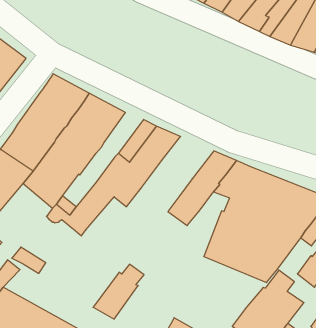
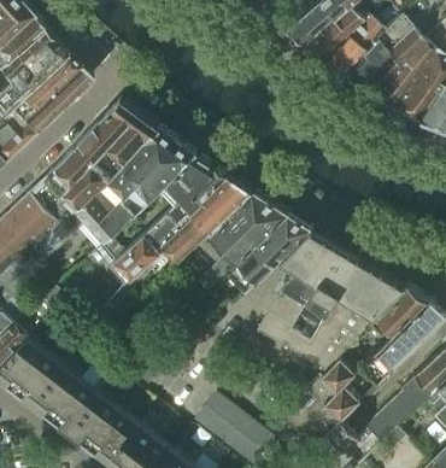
building: none -> [163,156,215,204]
building: none -> [199,192,288,292]

